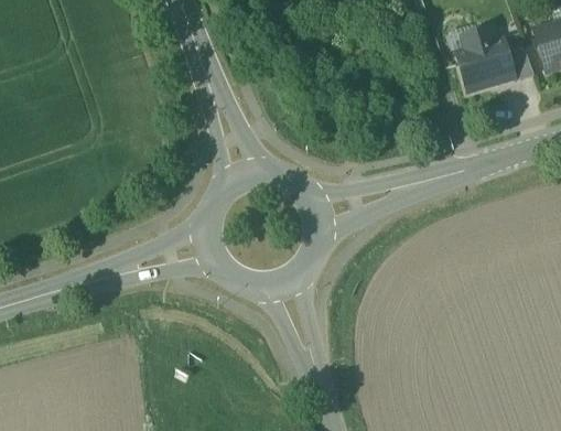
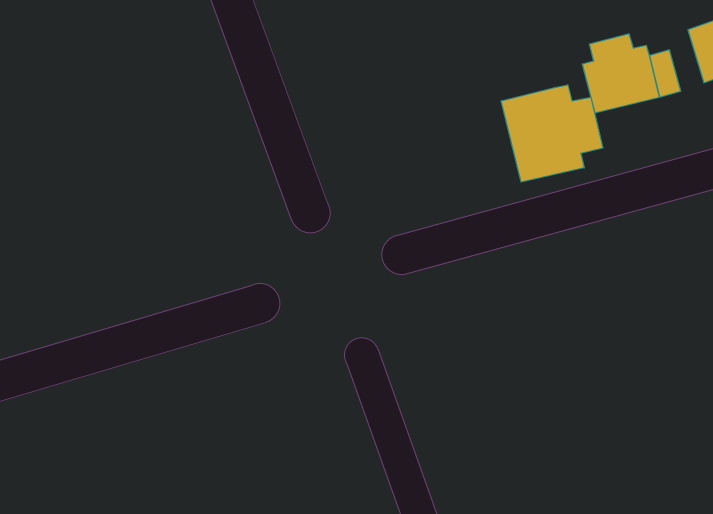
building: none -> [501,85,603,182]

